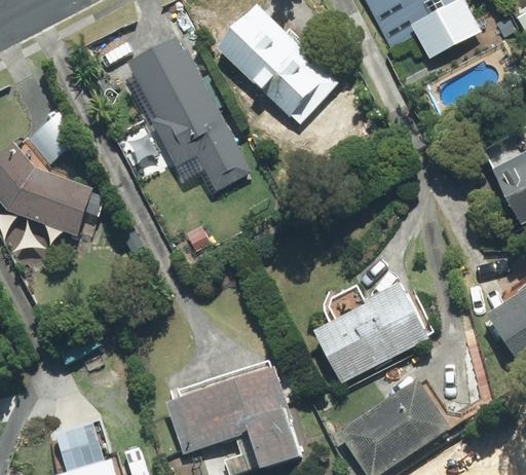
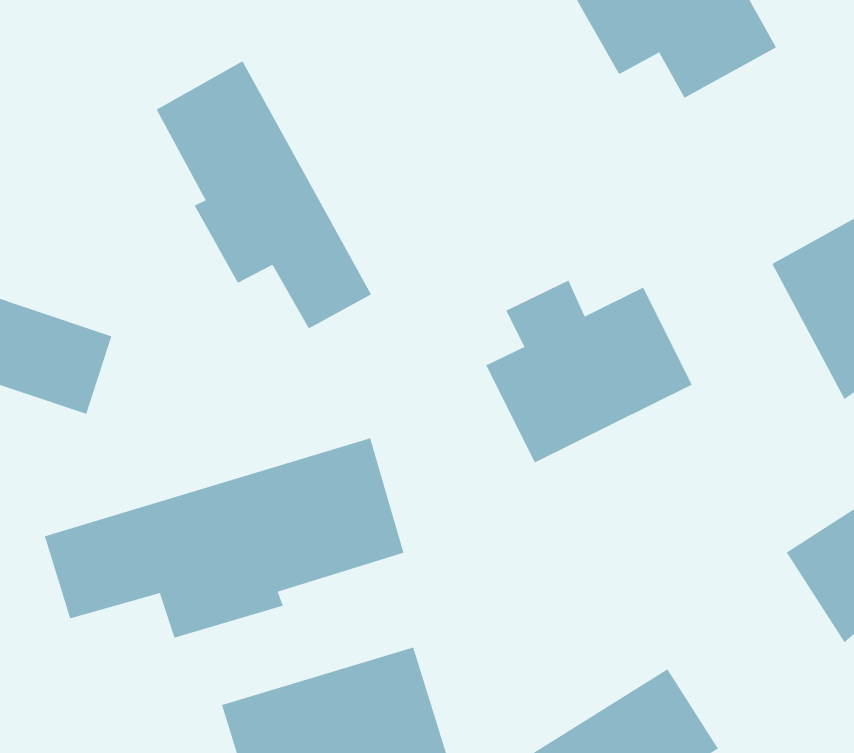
building: [218,6,339,121] -> none
building: none -> [44,437,404,638]
building: [311,282,428,386] -> [485,280,692,463]

